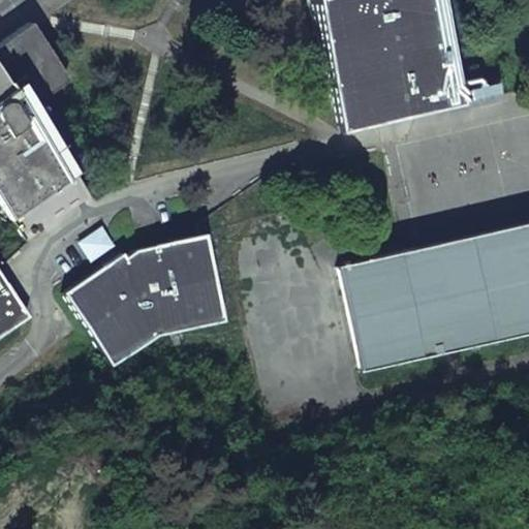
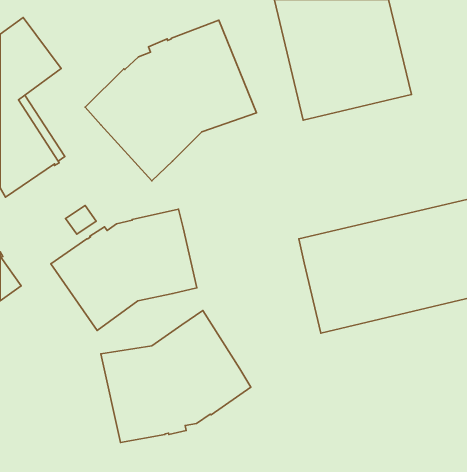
building: none -> [85,20,256,181]
building: none -> [101,311,251,443]

